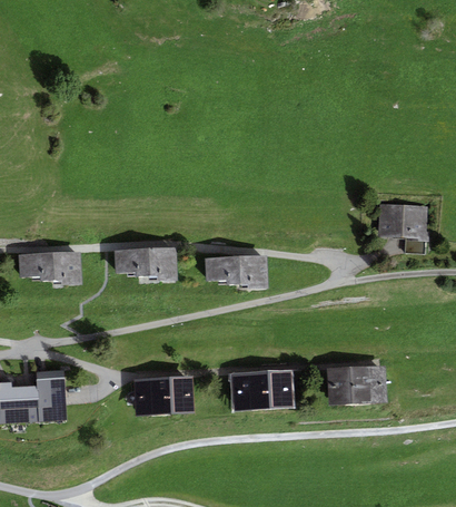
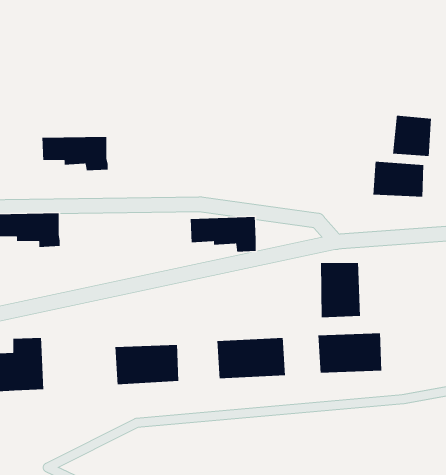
building: none -> [392,115,432,157]
building: [113,248,177,282] -> [41,136,108,171]
building: none -> [320,262,361,318]

